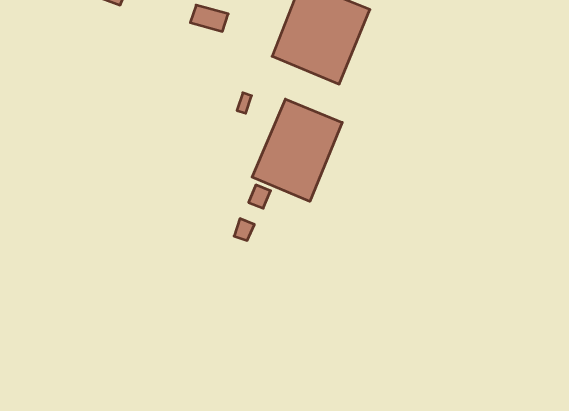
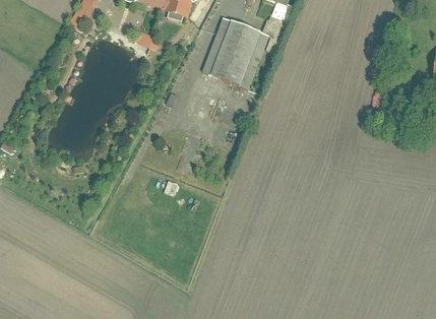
building: [252,99,342,201] -> none

